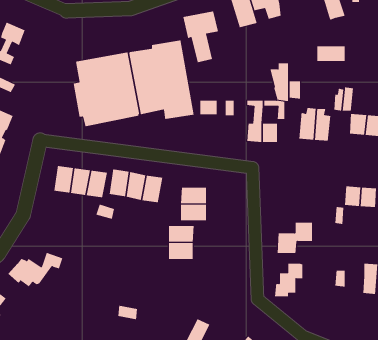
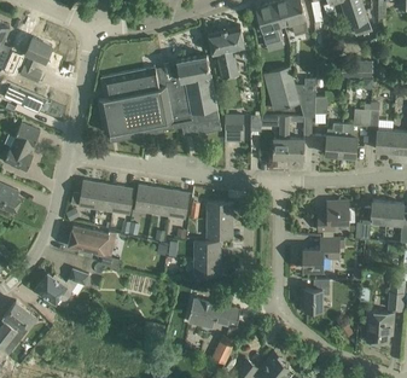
building: none -> [263,68,300,110]
building: none -> [318,202,354,231]
building: none -> [66,226,107,256]
building: none -> [186,298,239,326]
building: none -> [362,309,391,342]

